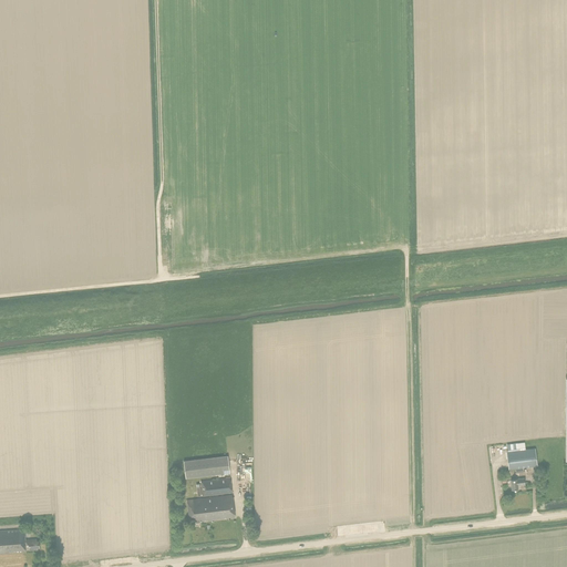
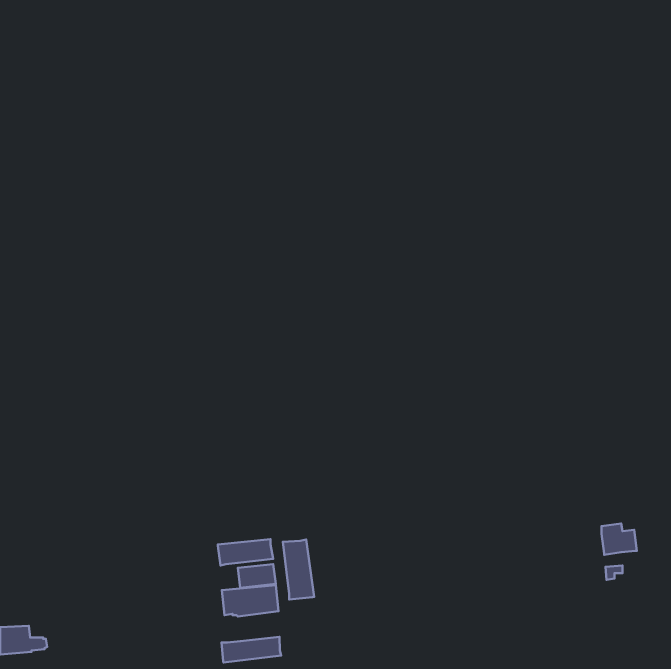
building: none -> [283,539,314,600]
building: none -> [221,637,281,663]

